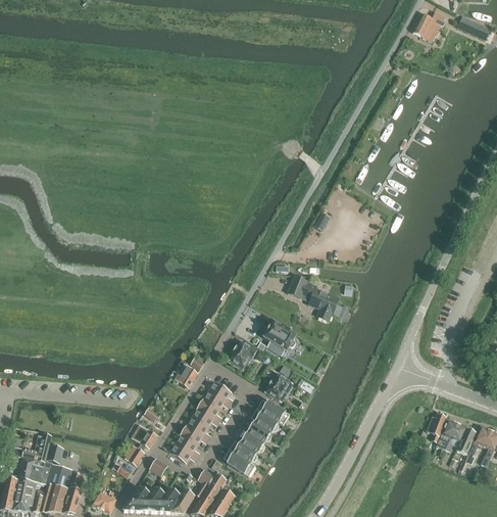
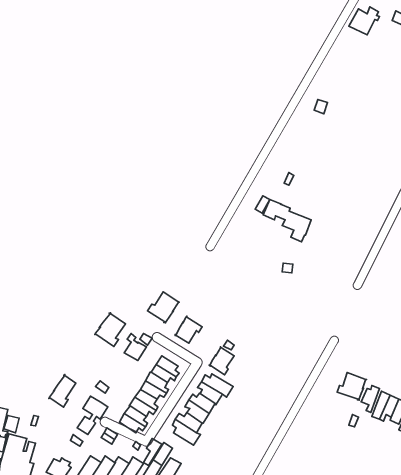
building: [288,276,339,321] -> [263,199,311,242]
building: none -> [147,292,179,323]
building: [263,321,296,350] -> none
building: none -> [95,313,125,347]
building: none -> [337,373,367,400]
building: none -> [49,375,76,407]

